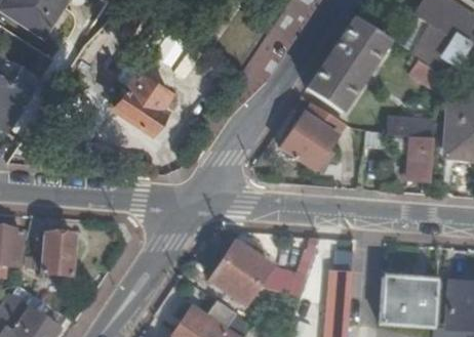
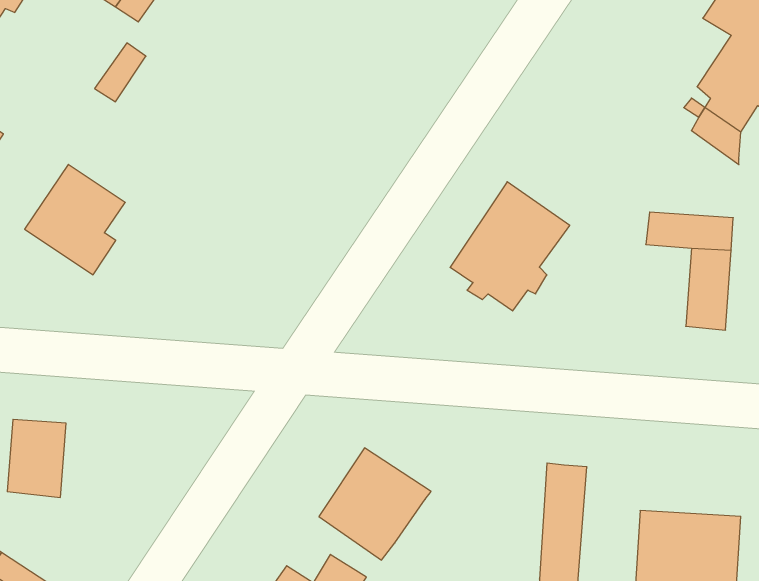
building: [306,16,390,113] -> none
building: [114,71,168,130] -> [25,164,125,275]
building: [251,262,313,305] -> none

